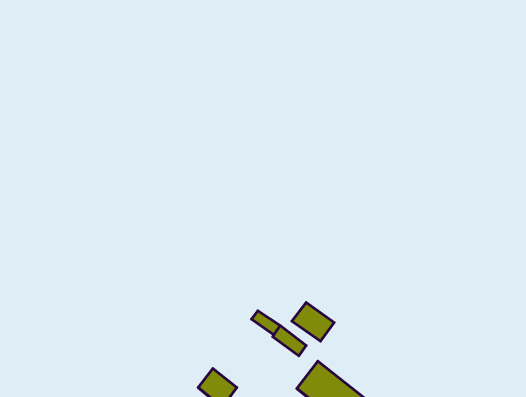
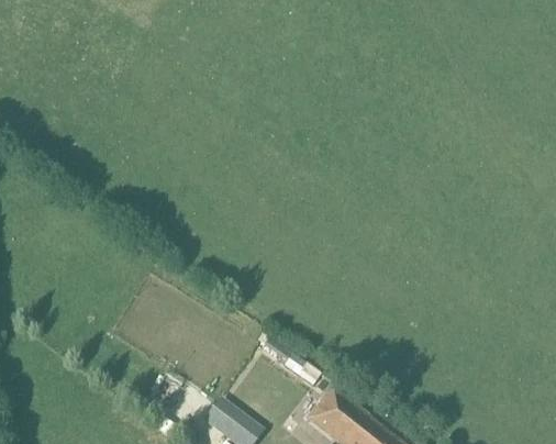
building: [292,302,334,341] -> none

